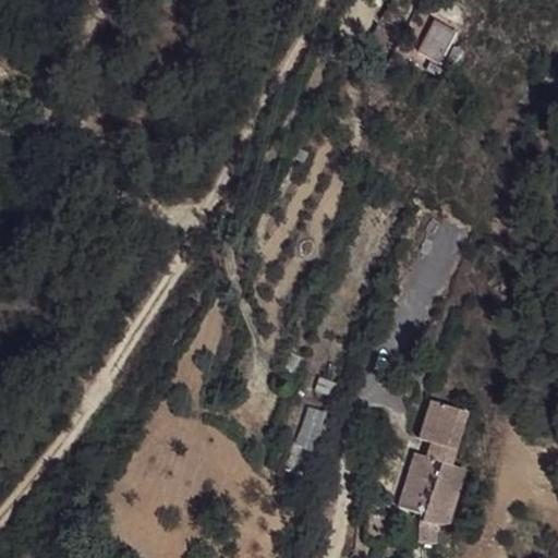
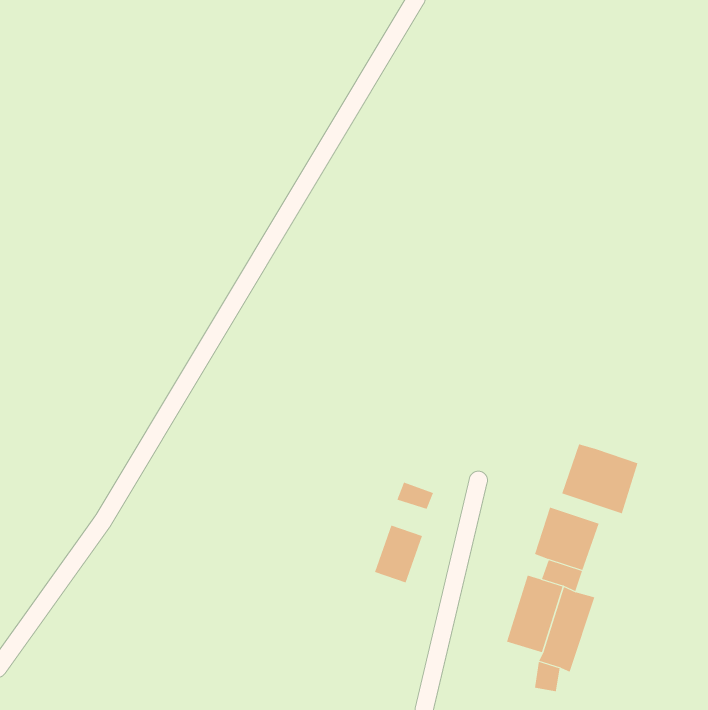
building: [411,20,457,73] -> none
building: none -> [561,444,638,514]

